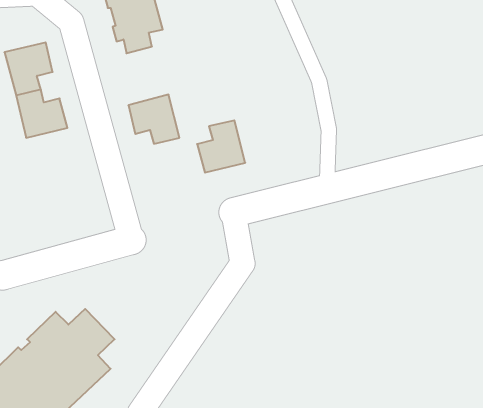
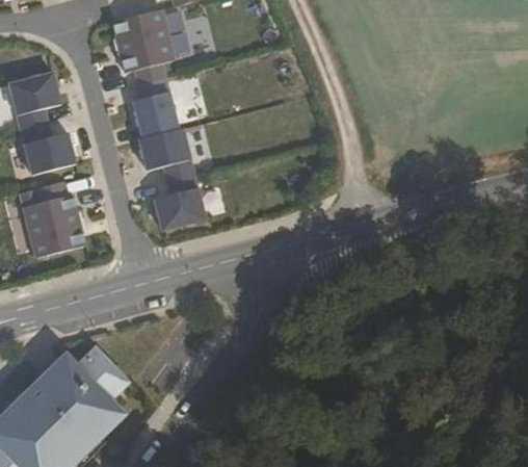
building: none -> [133,76,178,137]
building: [197,120,245,173] -> [154,173,205,228]
building: none -> [24,181,85,256]

